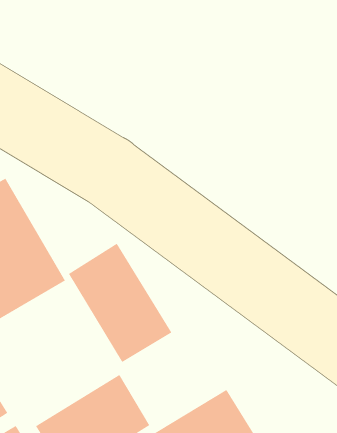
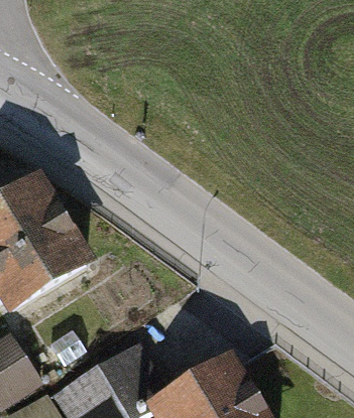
building: [68,243,172,363] -> none

